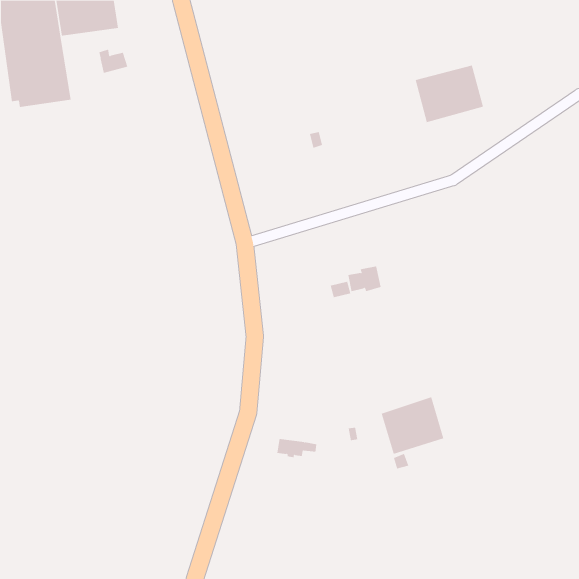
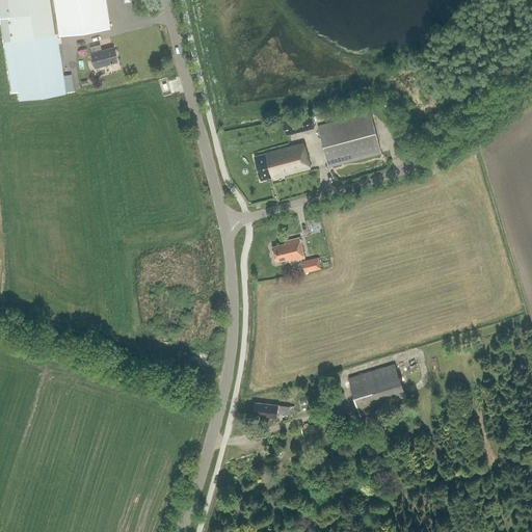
building: [415,65,484,123] -> [318,113,381,166]
building: none -> [255,142,312,181]
building: [347,266,381,292] -> [273,238,304,262]

